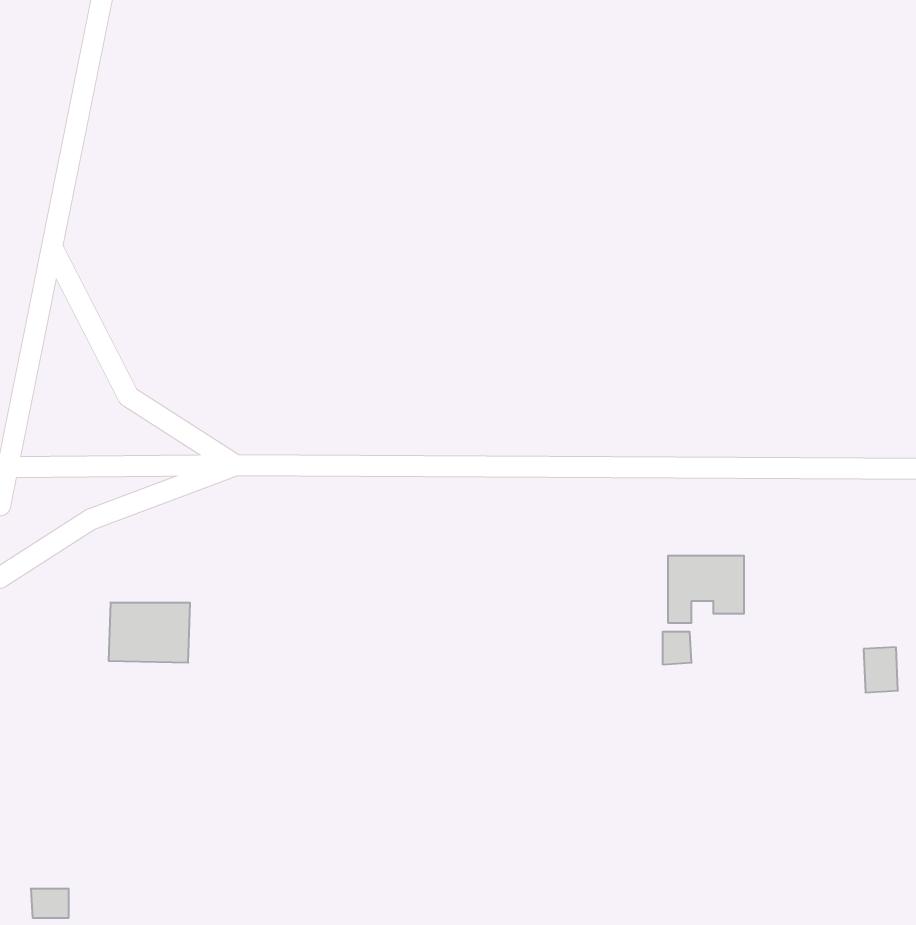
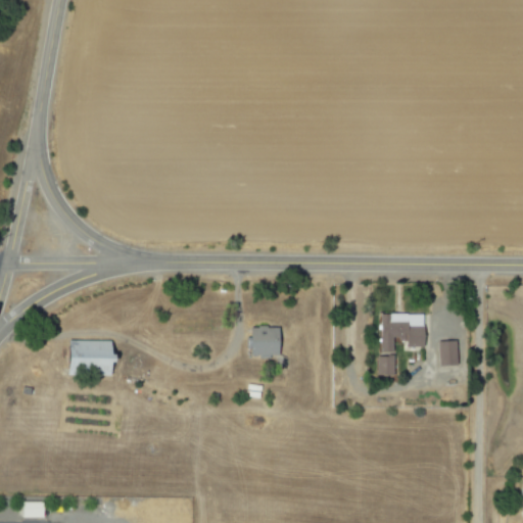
building: none -> [251,327,280,356]
building: [864,647,898,692] -> [439,340,459,366]

